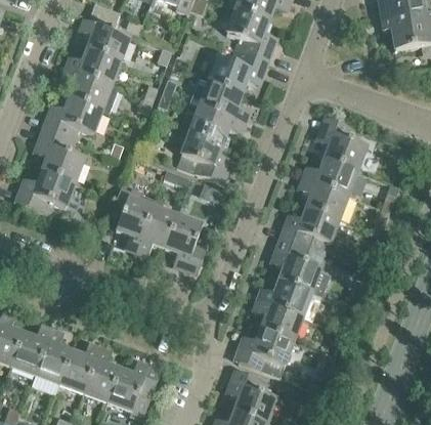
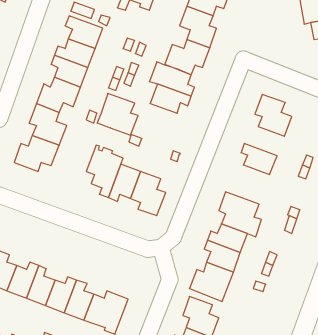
building: [176,130,227,182] -> [97,93,138,135]
building: [307,159,357,196] -> none
building: [284,207,339,256] -> none

